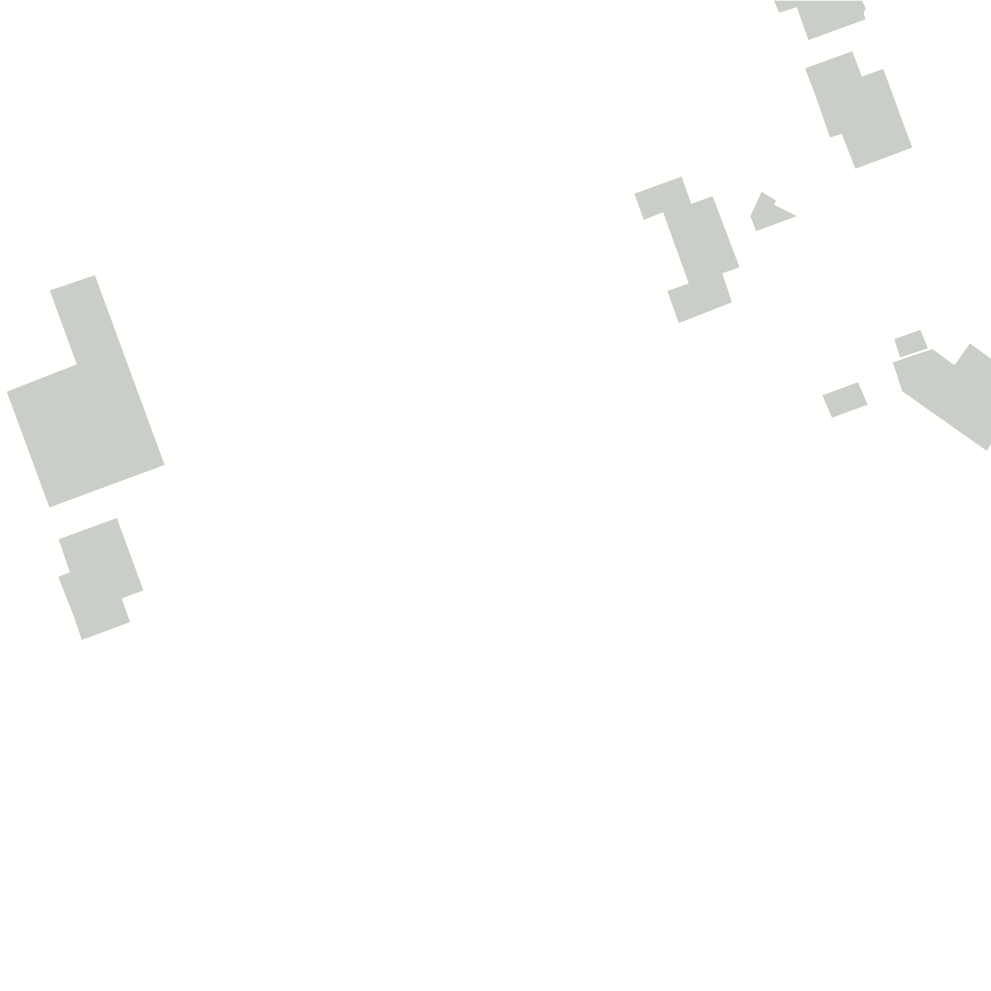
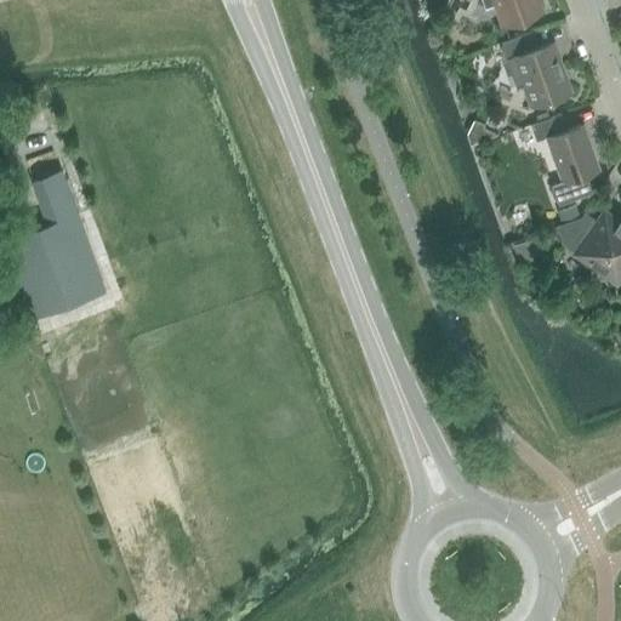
building: [633,176,741,324] -> [532,115,599,207]
building: [58,517,144,641] -> none

